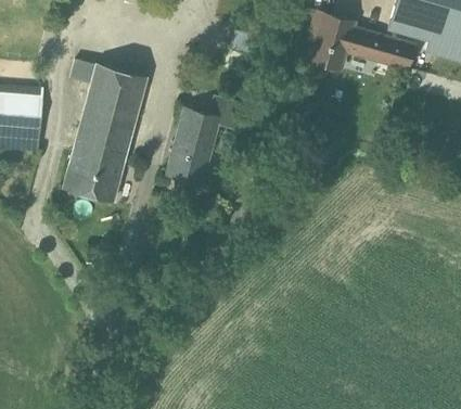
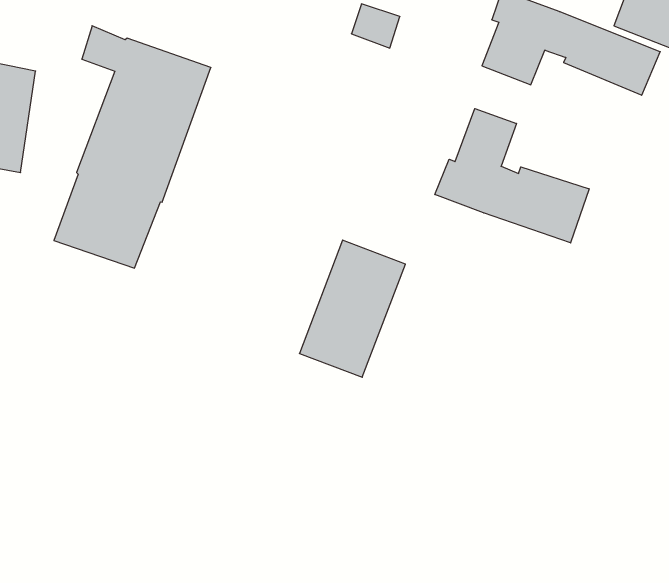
building: none -> [435,109,589,243]
building: [164,106,222,188] -> [299,240,405,377]

